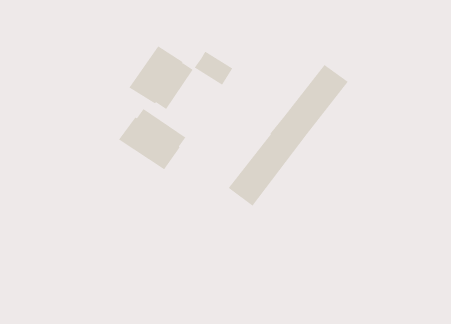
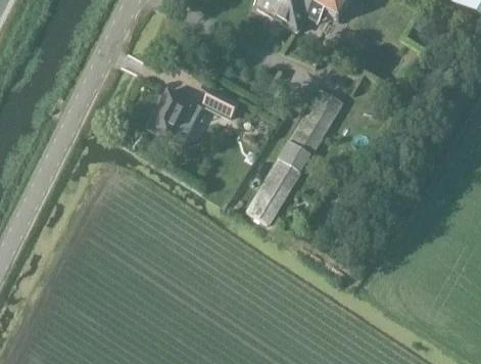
building: [118,108,186,170] -> none

